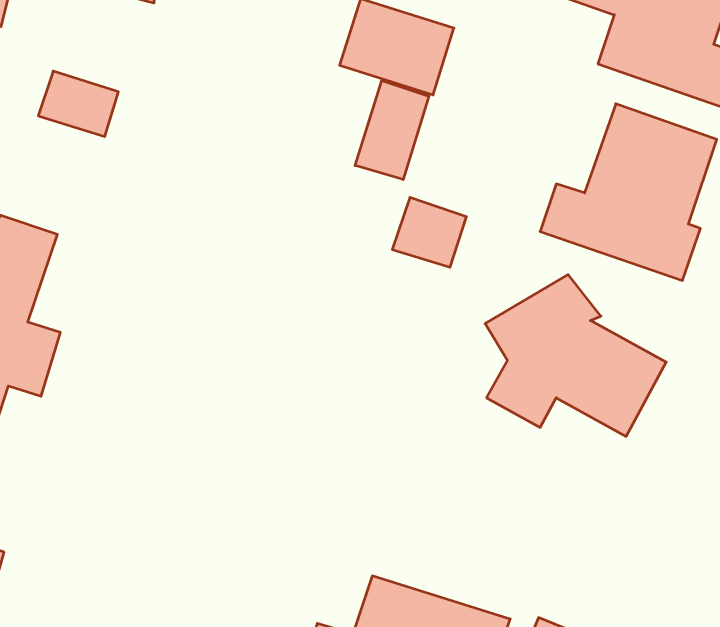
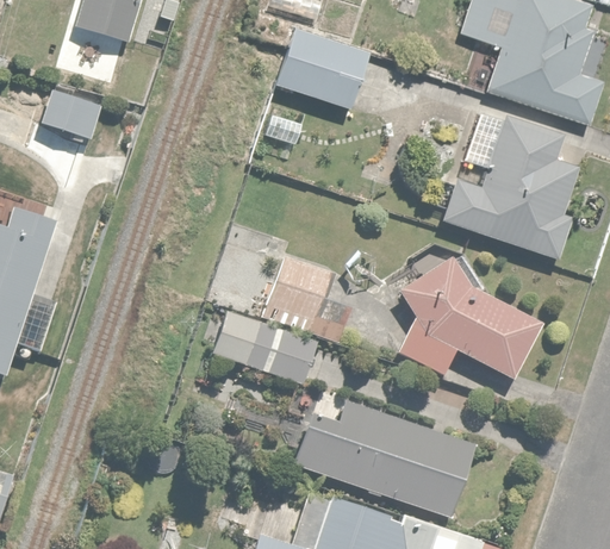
building: [355,81,429,180] -> none
building: [392,197,466,267] -> [268,261,328,317]
building: none -> [214,316,313,380]
building: none -> [293,403,474,516]

